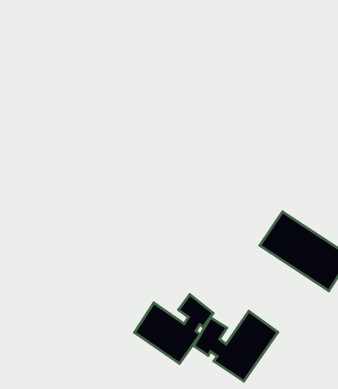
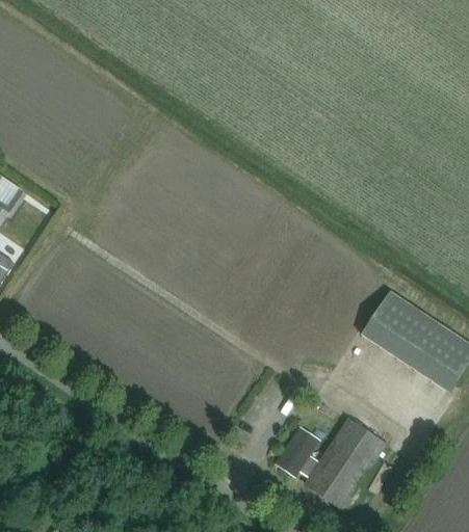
building: [134,294,213,364] -> none

